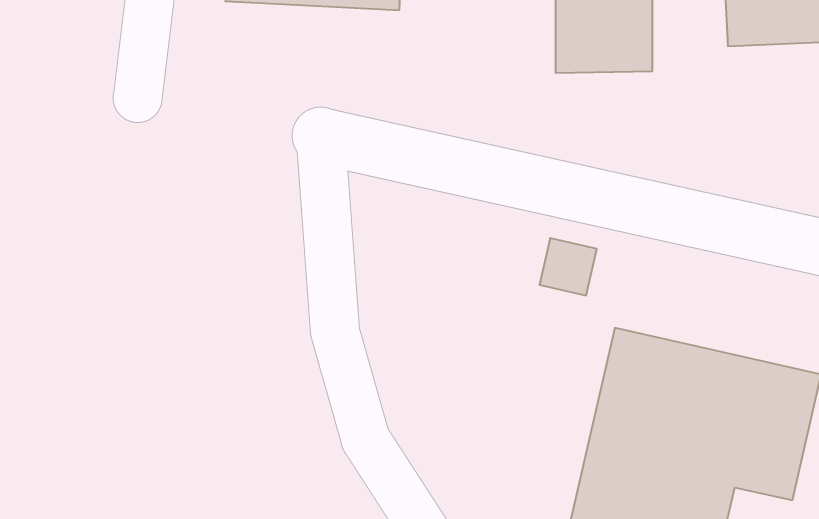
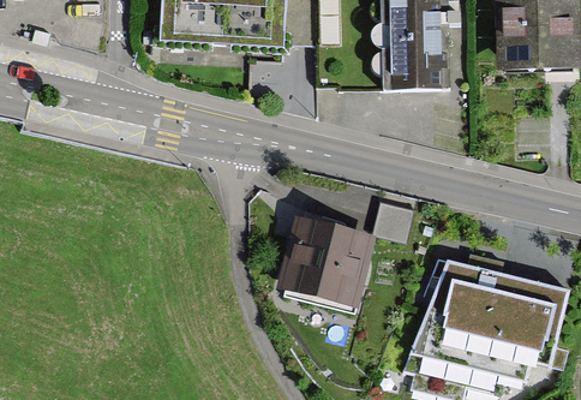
building: none -> [280,220,370,309]

